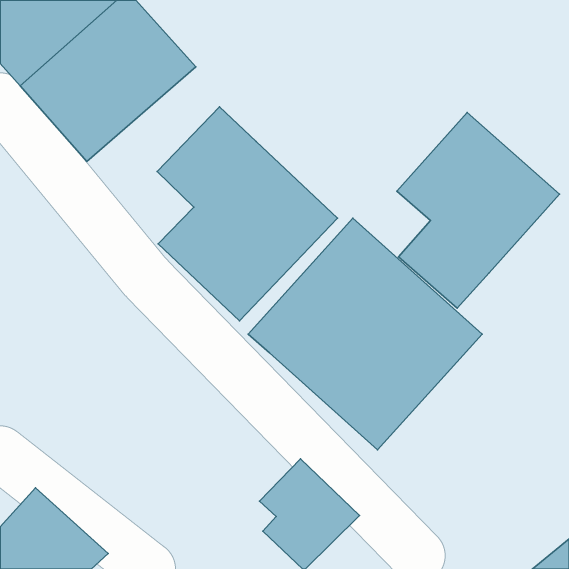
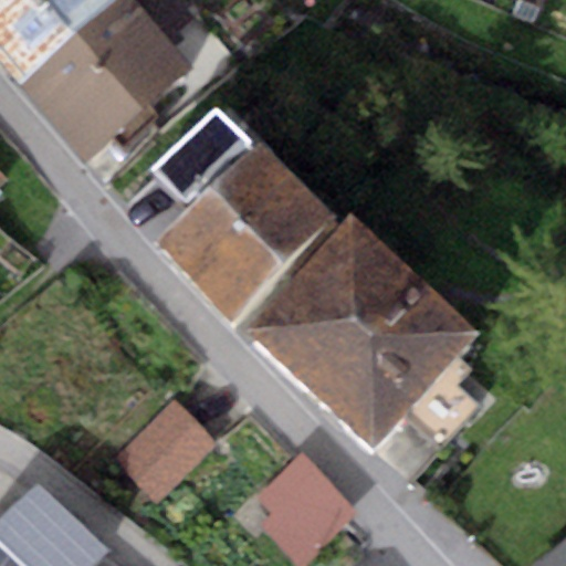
building: [397,113,560,308] -> none
building: none -> [114,401,216,504]

